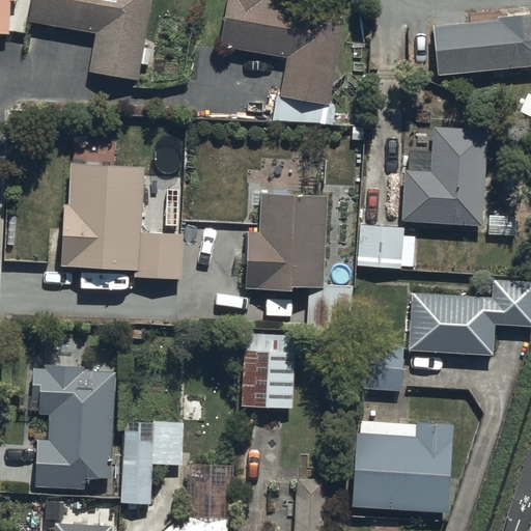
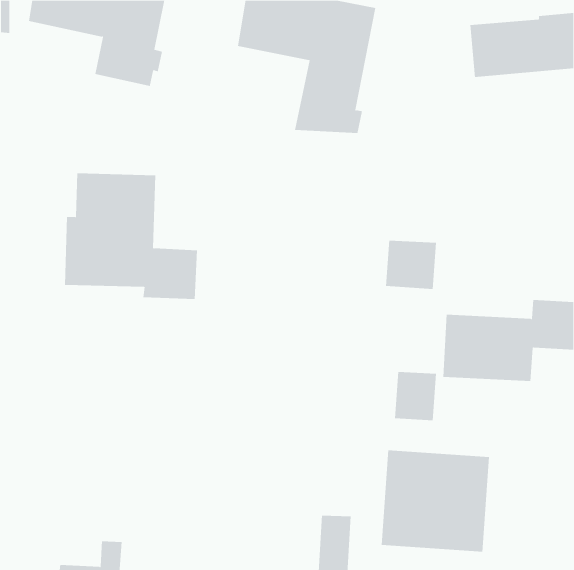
building: [399,127,486,225] -> none
building: [233,192,352,332] -> none
building: [243,338,292,408] -> none
building: [31,364,114,490] -> none
building: [120,419,184,507] -> none

